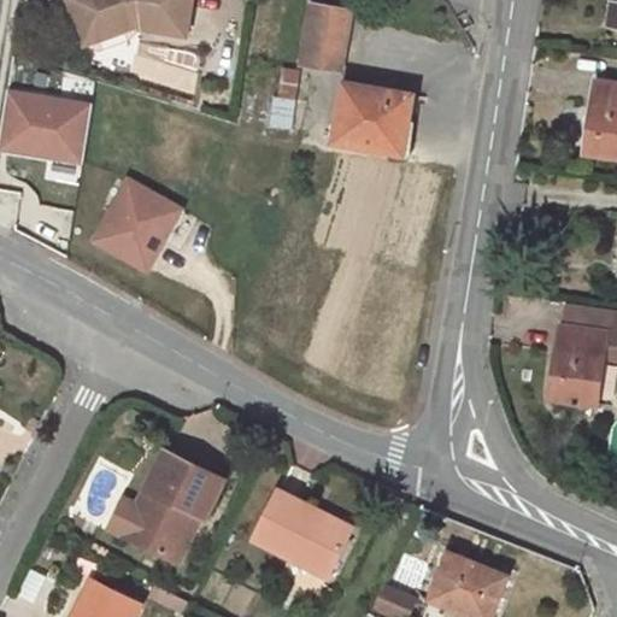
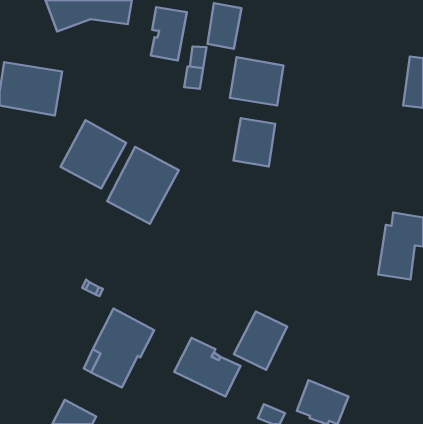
building: none -> [151,7,187,60]
building: none -> [234,118,275,166]
building: none -> [107,147,179,224]
building: none -> [234,311,287,370]

